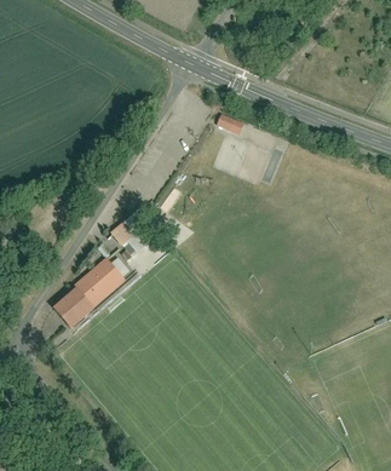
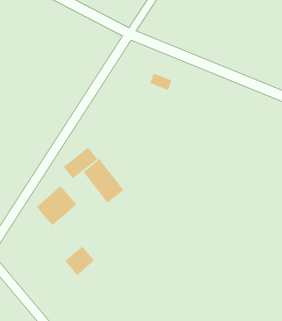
building: none -> [83,158,124,203]
building: [56,288,94,327] -> [64,246,95,276]

